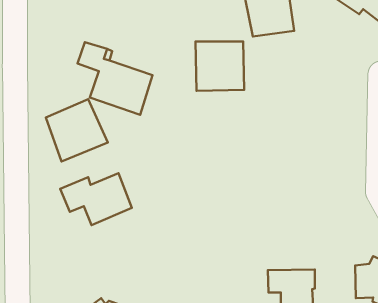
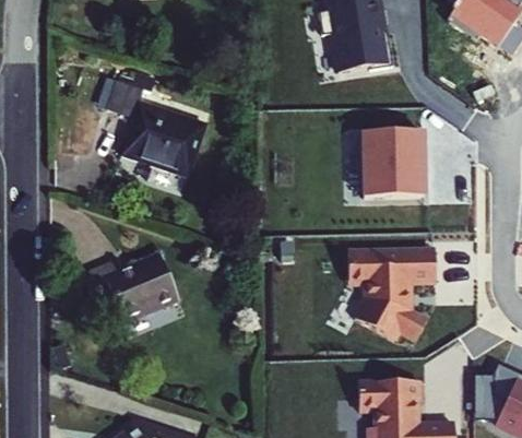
building: [196,41,244,91] -> [363,132,427,198]
building: [46,99,108,161] -> none
building: none -> [347,245,437,343]

